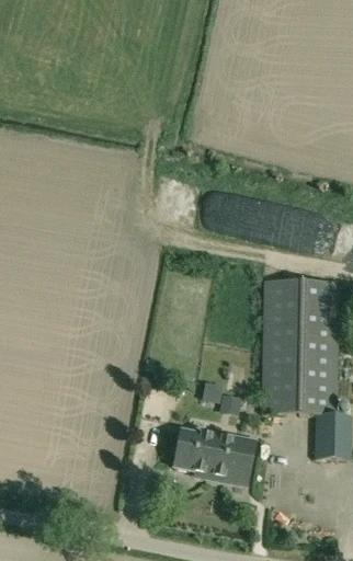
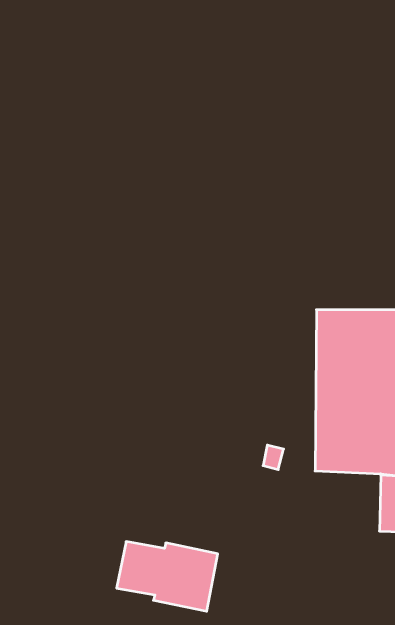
building: [174,428,255,484] -> [117,542,218,611]

